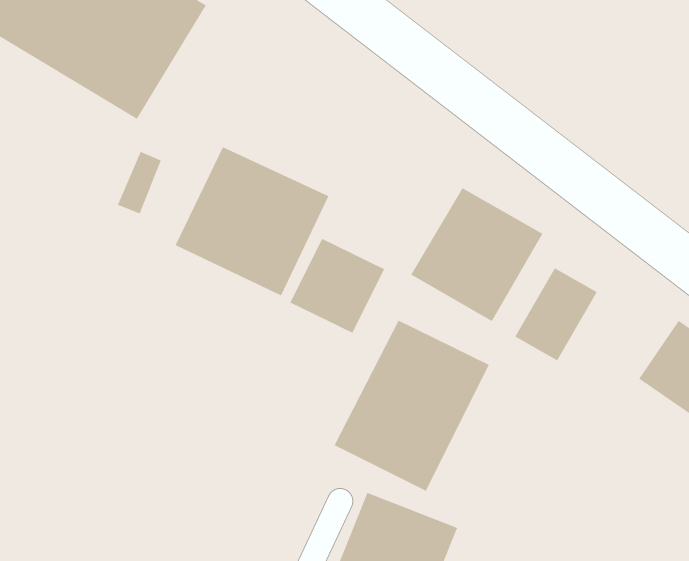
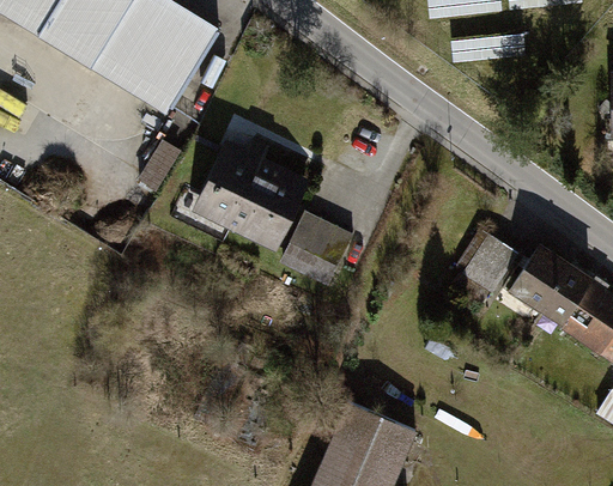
building: [410,187,543,322] -> none
building: none -> [512,244,582,315]
building: [334,319,490,492] -> none

